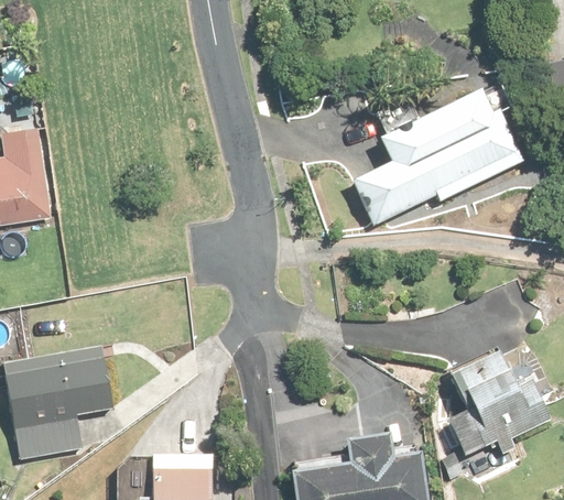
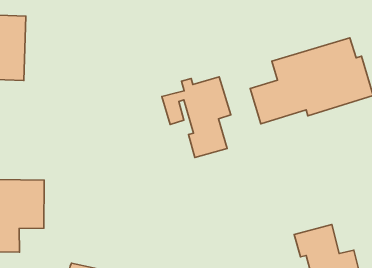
building: none -> [162,77,231,157]

